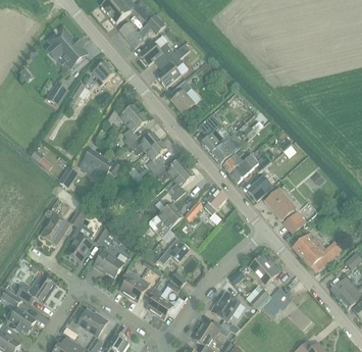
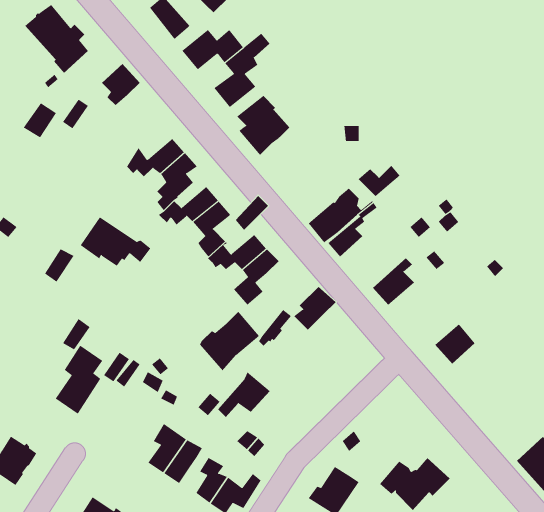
building: [197,113,224,153] -> none
building: [228,154,270,182] -> none
building: [264,188,295,219] -> none
building: [40,213,69,245] -> none
building: [292,231,341,270] -> none
building: [93,249,123,278] -> none
building: [249,255,278,284] -> none

